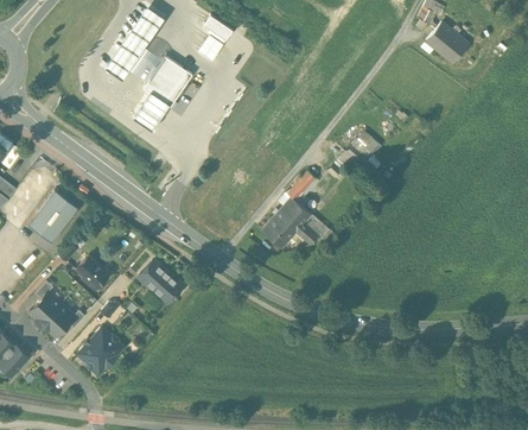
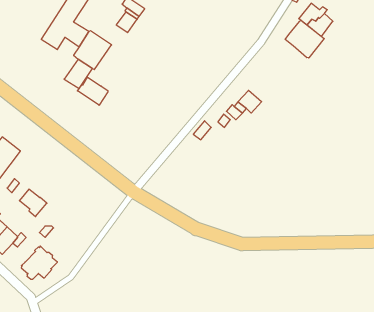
building: none -> [285,20,324,58]
building: none -> [77,77,108,105]
building: [261,197,318,248] -> none
building: [138,260,182,302] -> none

